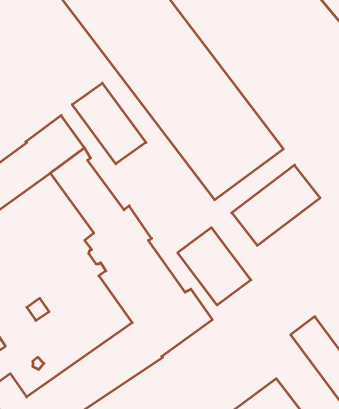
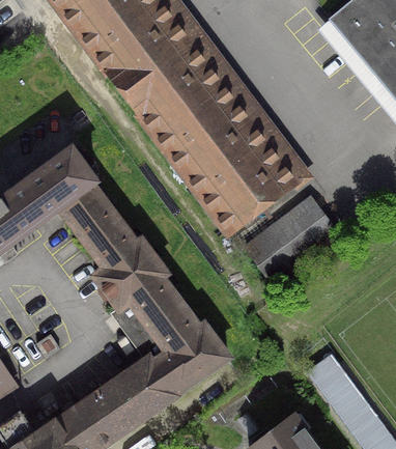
building: [72,83,146,164] -> none
building: [178,228,251,305] -> none

